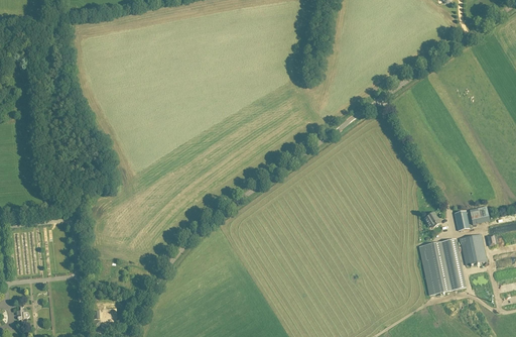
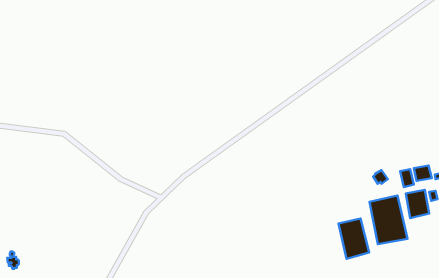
building: none -> [339,219,369,259]

